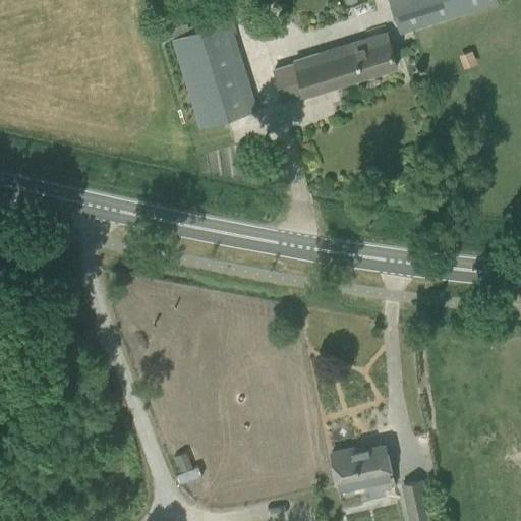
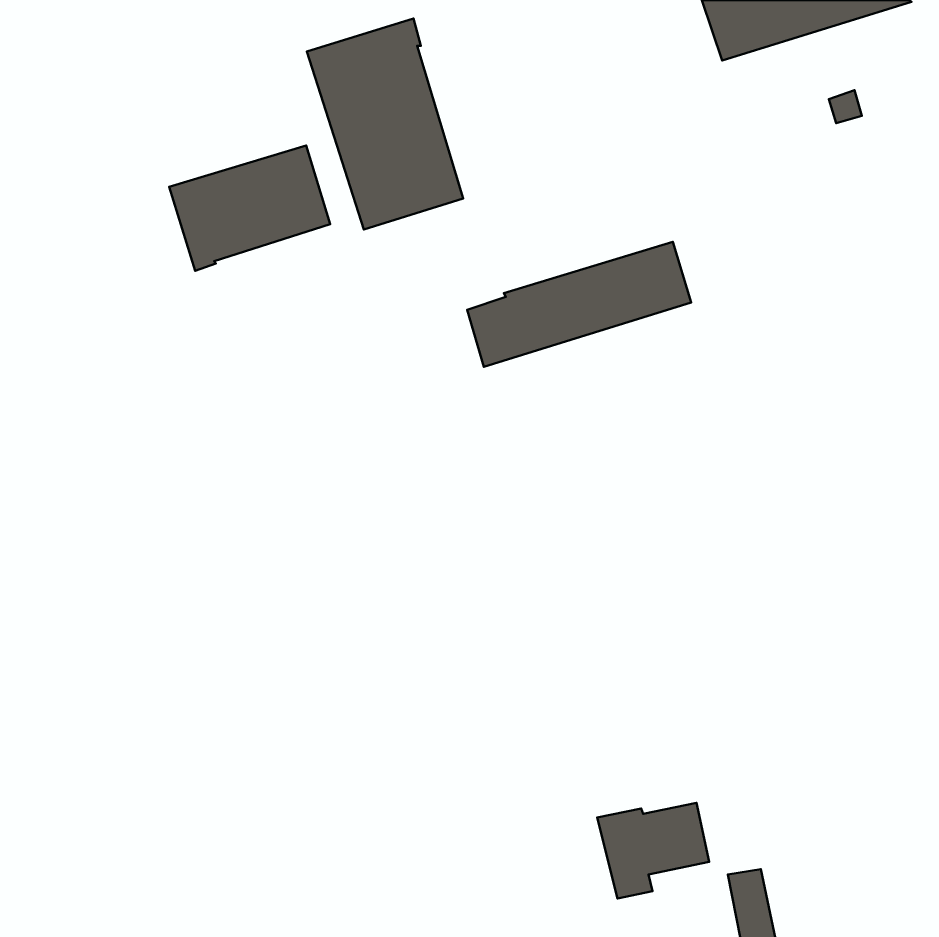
building: [274,34,398,103] -> [467,242,691,367]
building: none -> [169,146,330,271]

